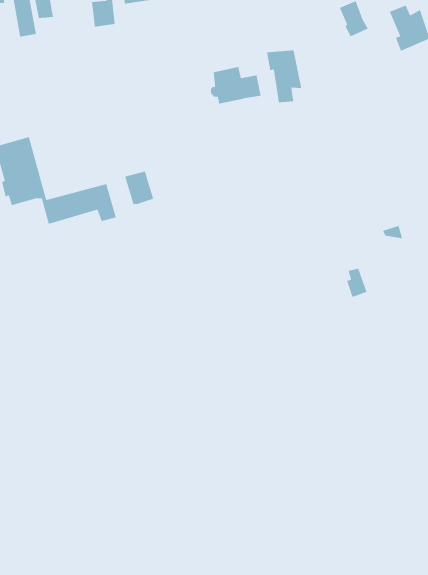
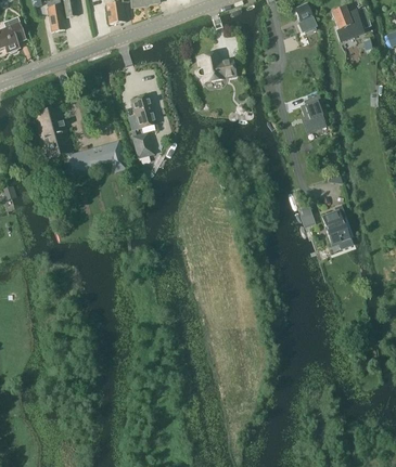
building: [266,50,302,103] -> none
building: none -> [128,94,156,130]
building: none -> [301,94,325,129]
building: none -> [321,208,353,248]

